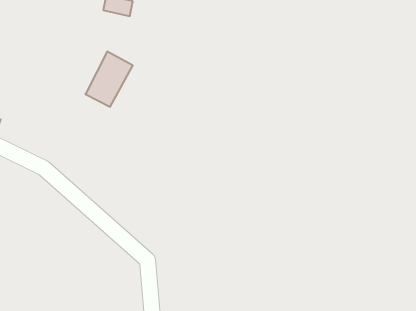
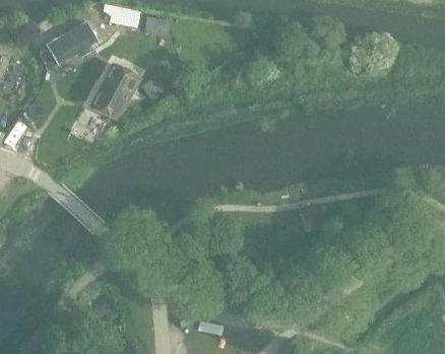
building: none -> [46,22,94,63]

